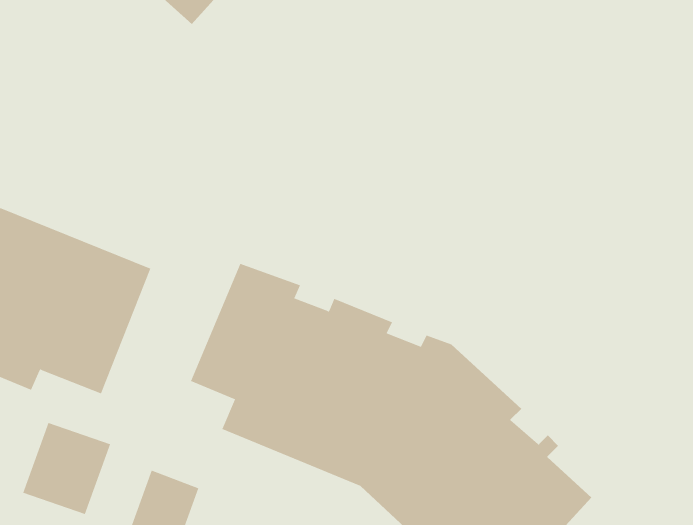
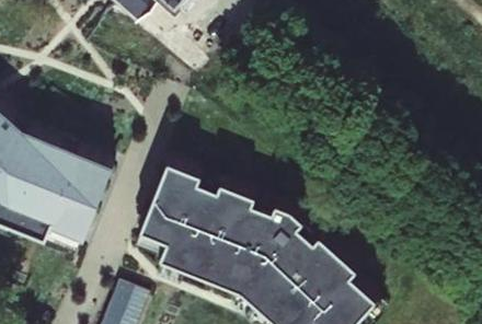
building: [23,422,111,515] -> none

